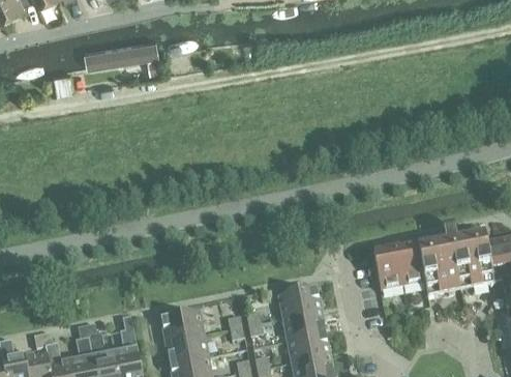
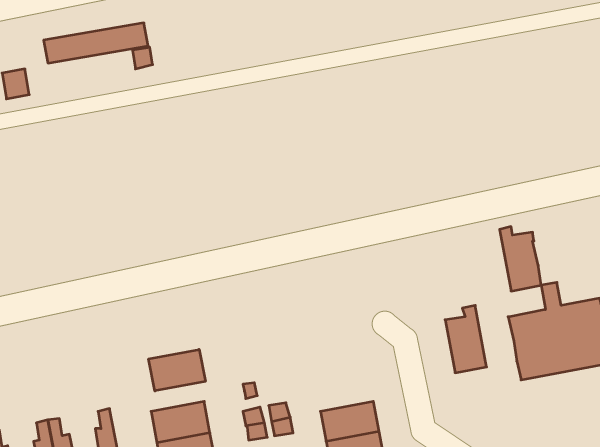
building: [394,239,424,286] -> [500,227,541,291]
building: none -> [149,349,205,391]
building: [277,288,321,318] -> none

